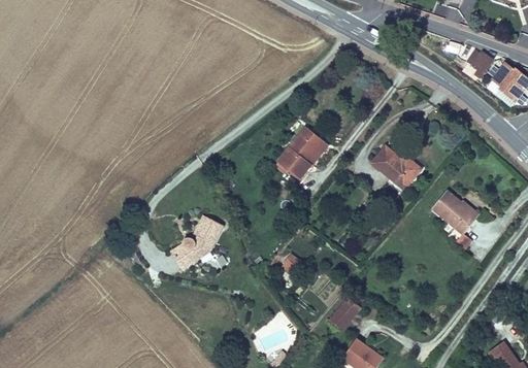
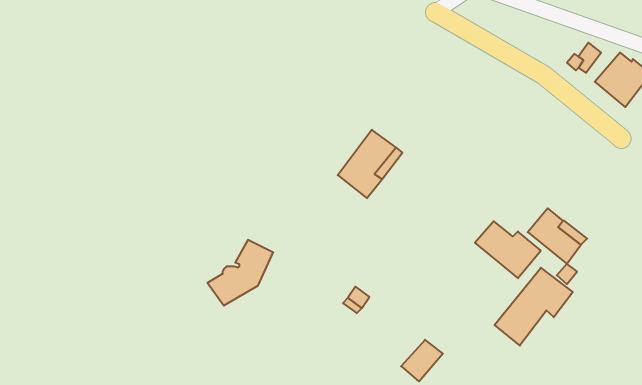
building: [370,144,424,191] -> [475,221,541,278]
building: none -> [495,268,573,346]

